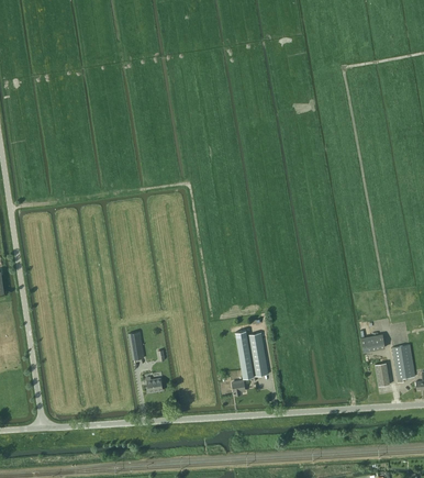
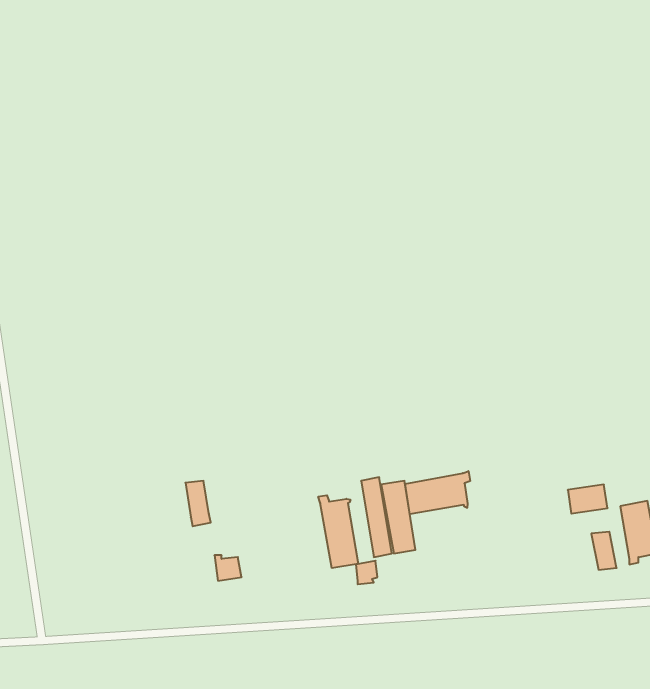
building: none -> [405,471,470,514]
building: none -> [318,495,358,568]

